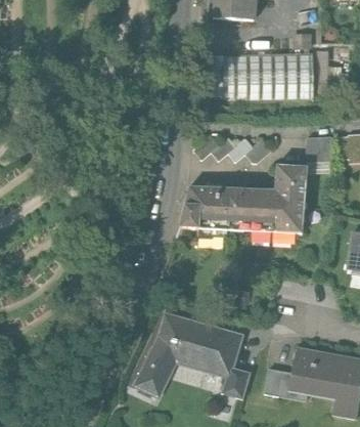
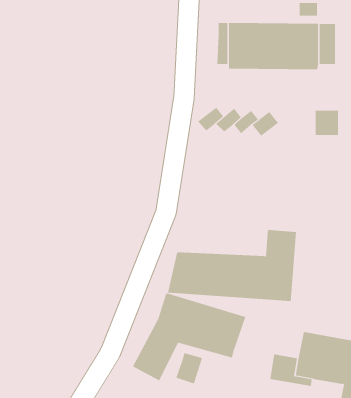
building: [180,165,306,234] -> [167,230,297,301]
building: [222,370,249,400] -> [175,353,203,384]

